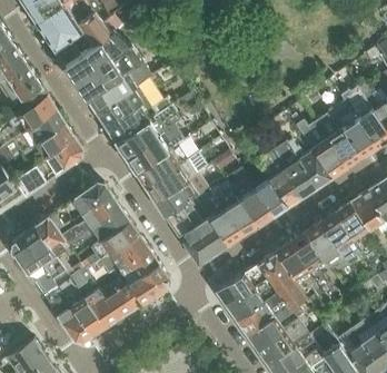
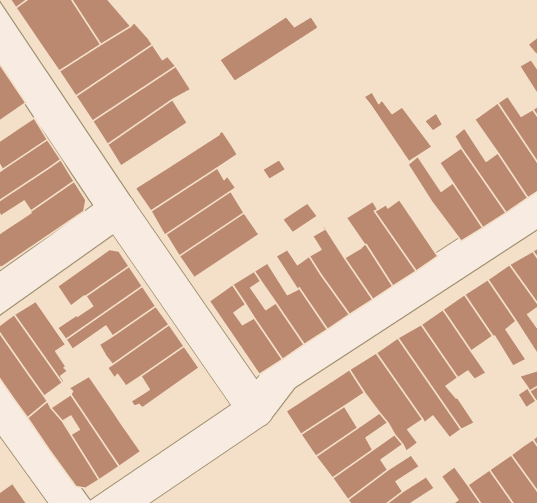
building: [106,98,171,141] -> [219,16,318,82]
building: [287,140,333,187] -> [364,92,432,162]
building: [155,170,208,217] -> none
building: [101,262,169,317] -> none

